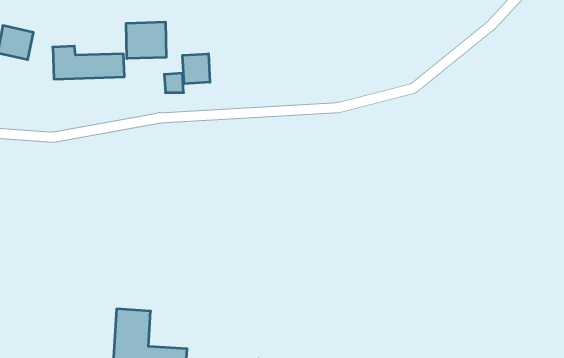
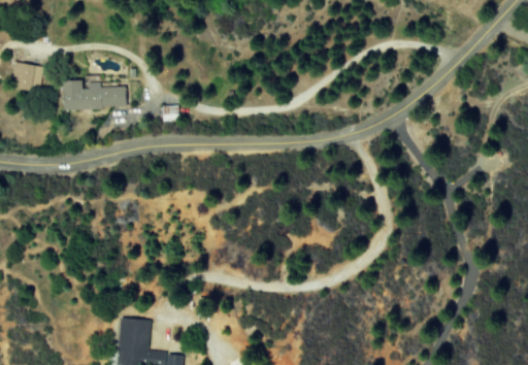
building: [126,22,166,59] -> none
building: [183,54,210,84] -> none

